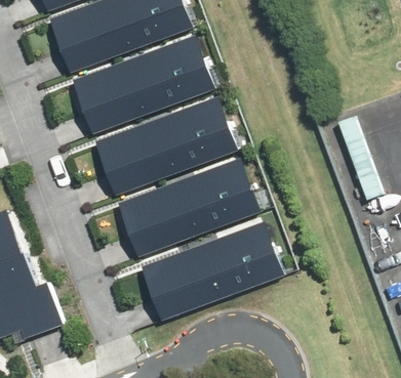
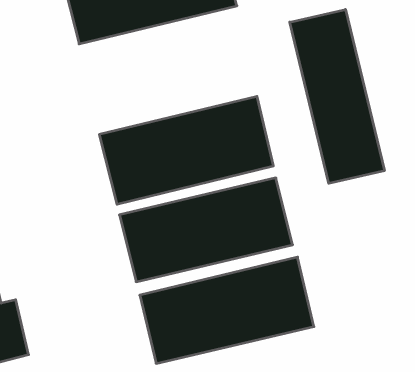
building: none -> [290,9,384,183]
building: [73,37,214,134] -> none

